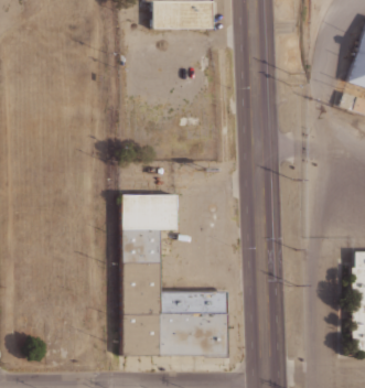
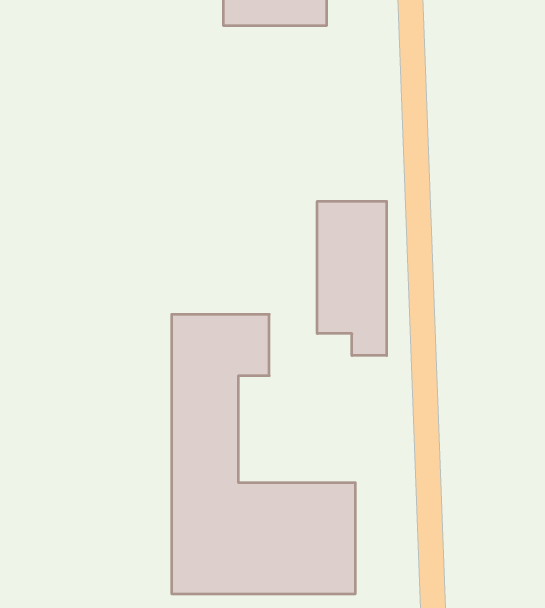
building: none -> [317,201,387,356]

